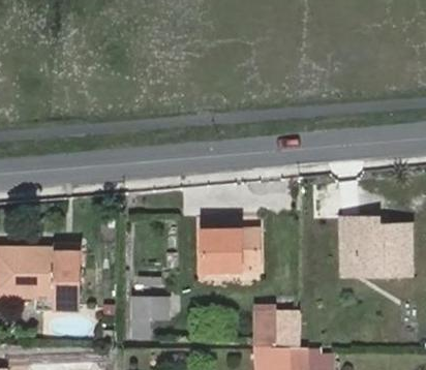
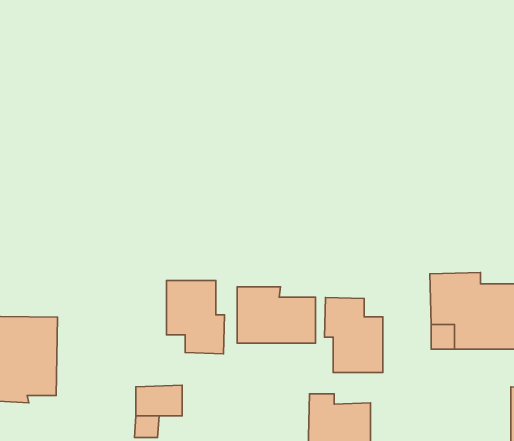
building: none -> [166,280,225,354]
building: none -> [324,297,383,372]

